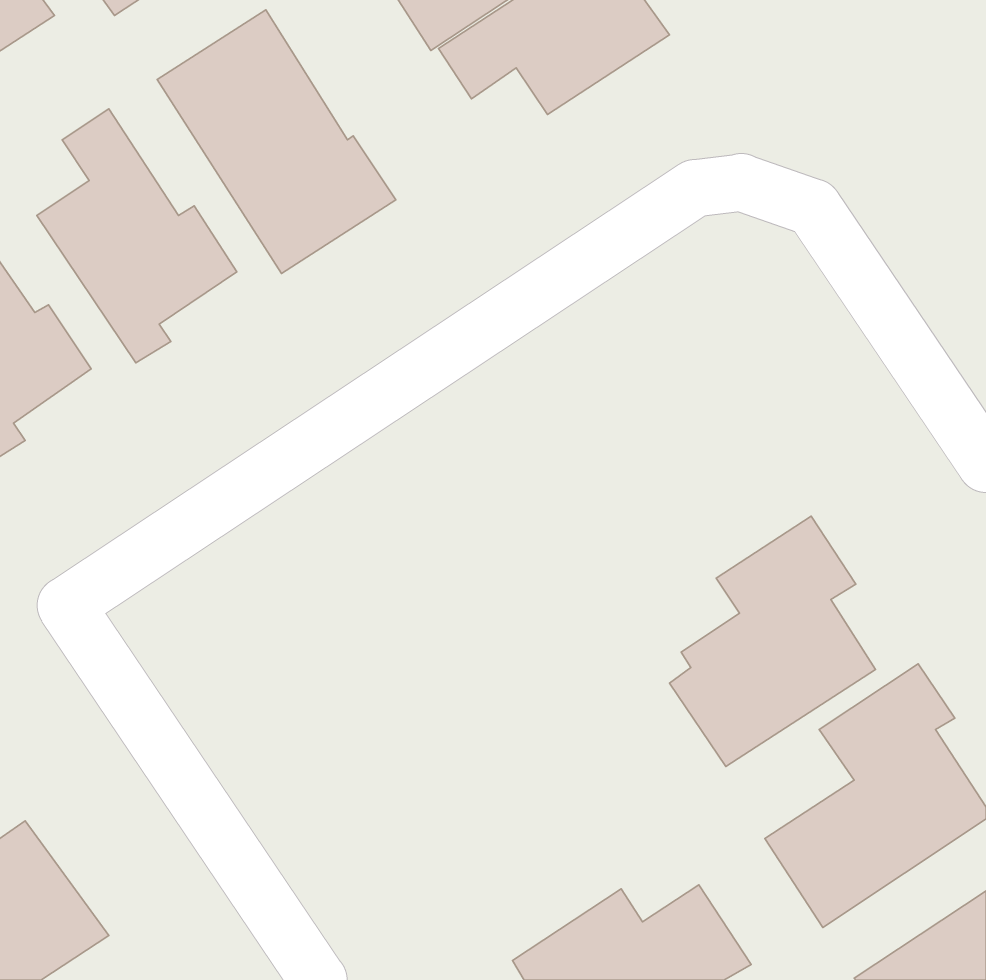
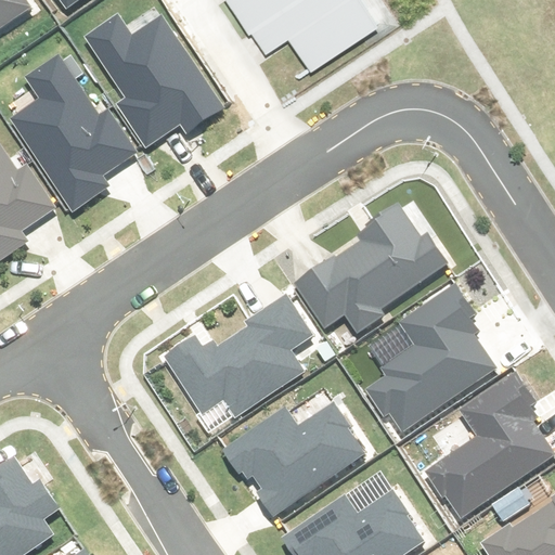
building: none -> [298,205,450,335]
building: none -> [165,297,310,414]
building: none -> [225,408,360,512]

